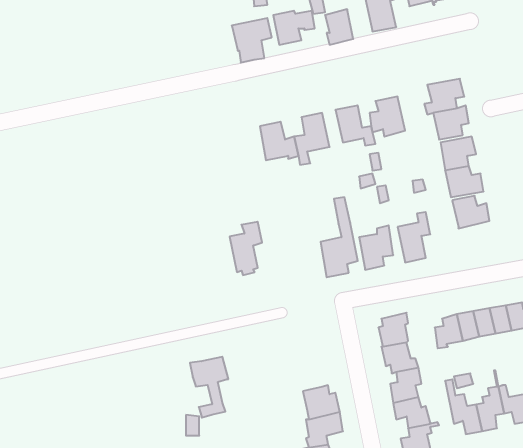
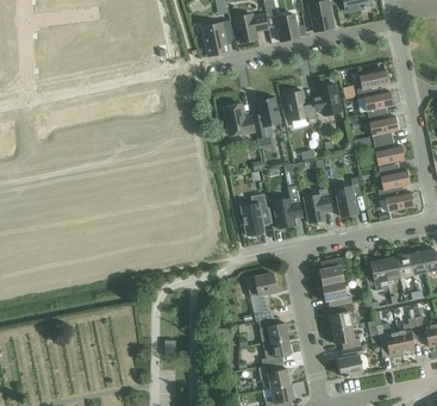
building: [230,222,262,275] -> [241,194,267,237]
building: none -> [377,185,413,211]
building: [190,357,228,418] -> [245,273,276,321]

